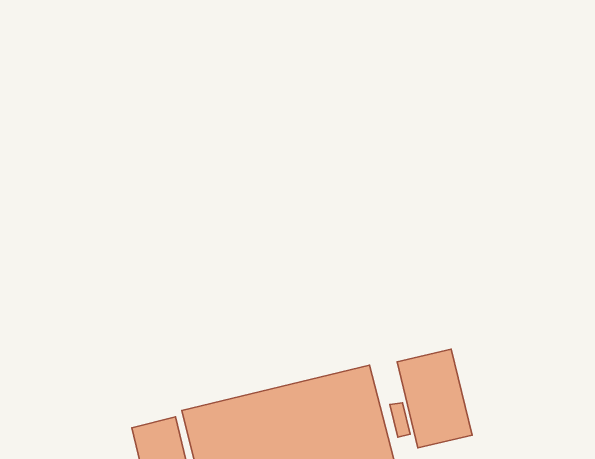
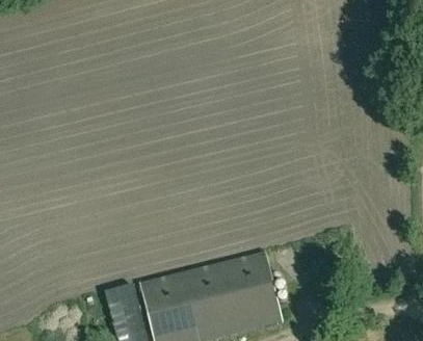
building: [397,349,472,448] -> none

